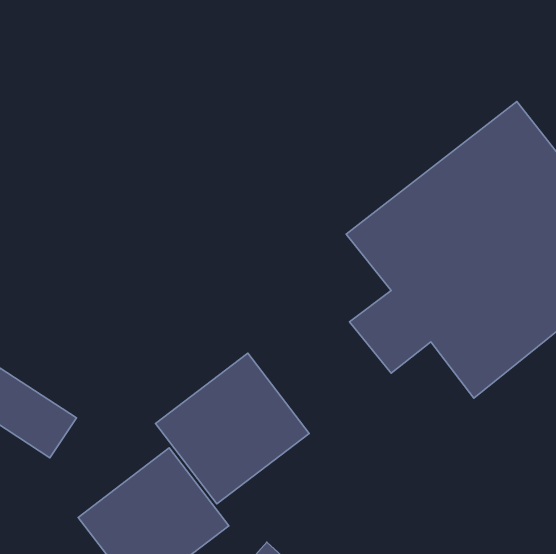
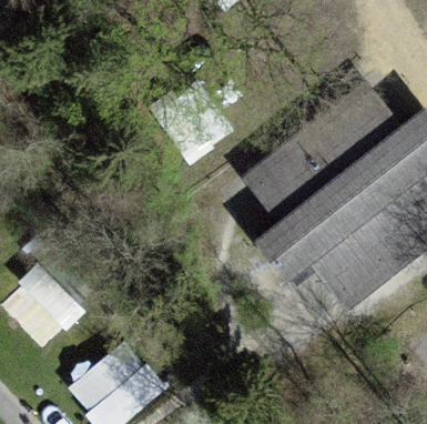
building: [155,353,309,504] -> none

